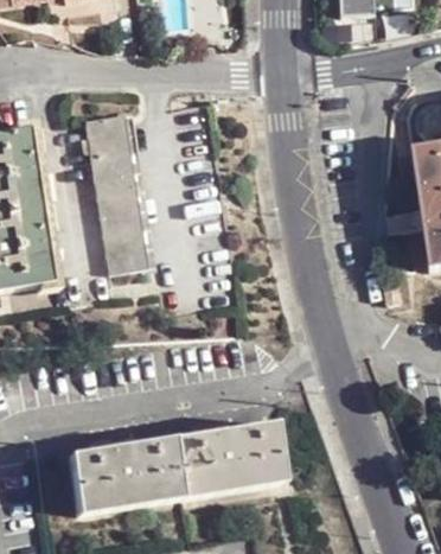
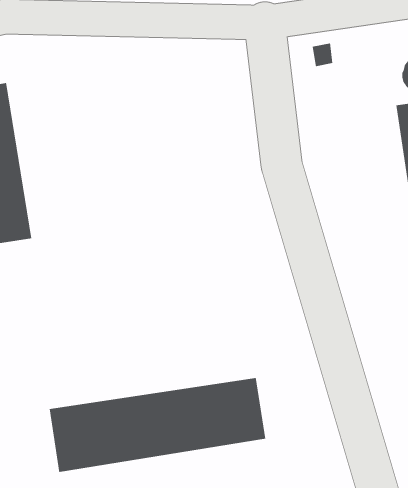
building: [84,112,149,273] -> none

